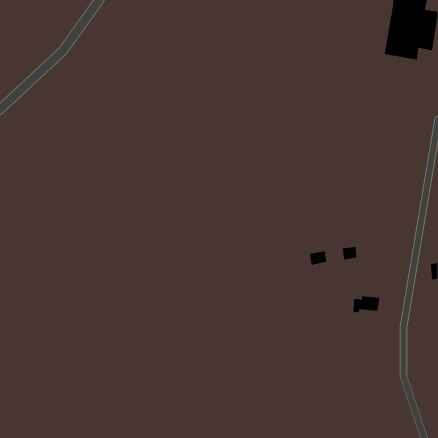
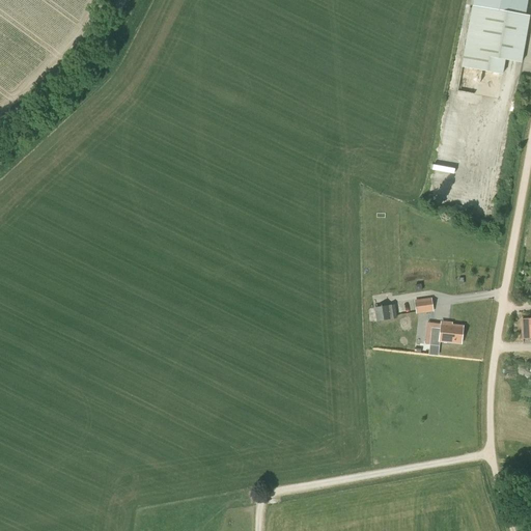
building: [353,296,380,313] -> [429,324,463,344]

